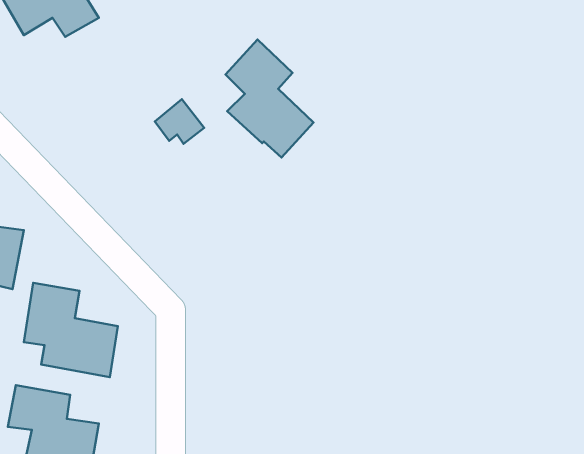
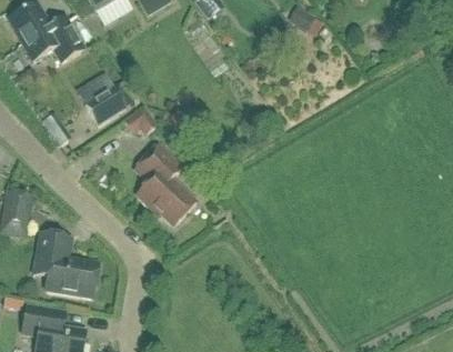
building: [226,39,313,158] -> [134,142,195,224]
building: none -> [83,84,124,122]

